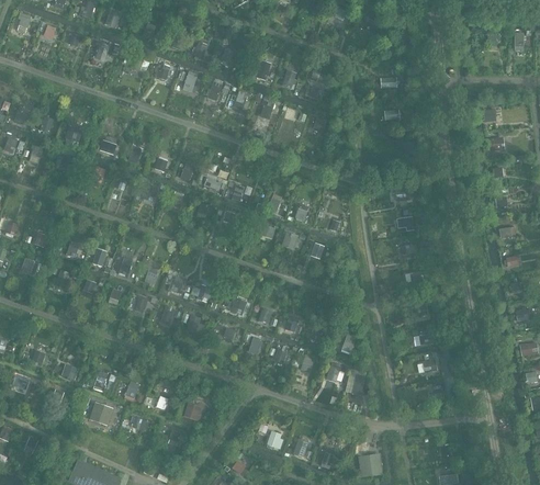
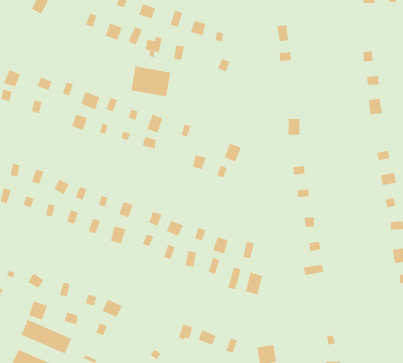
building: none -> [131,66,171,97]
building: none -> [21,319,72,354]

